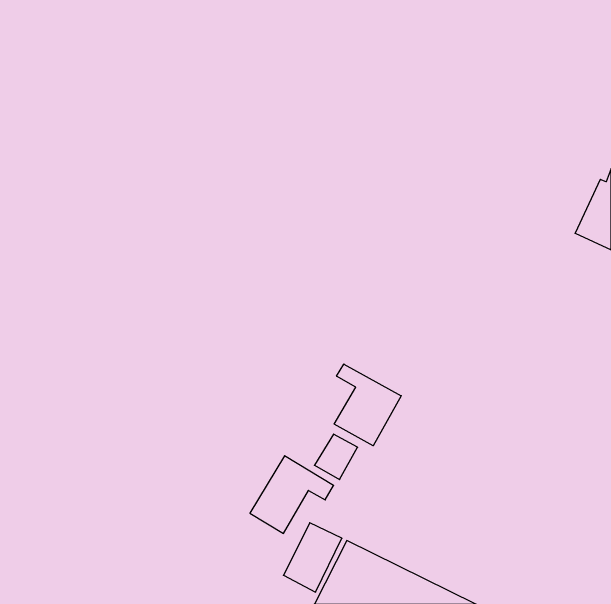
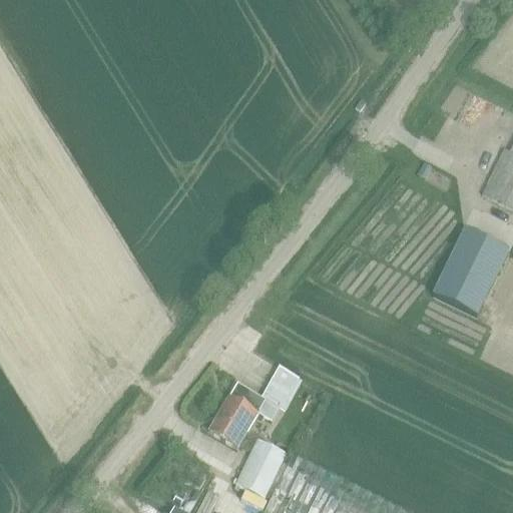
building: none -> [433,227,508,315]
building: [334,364,401,446] -> none

